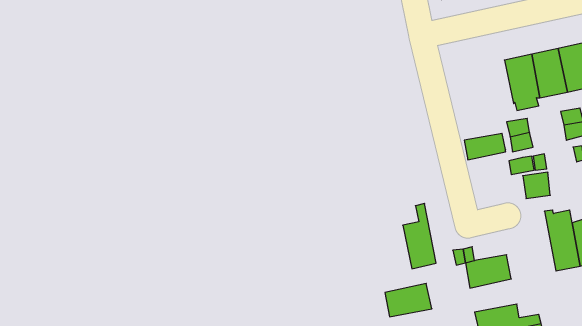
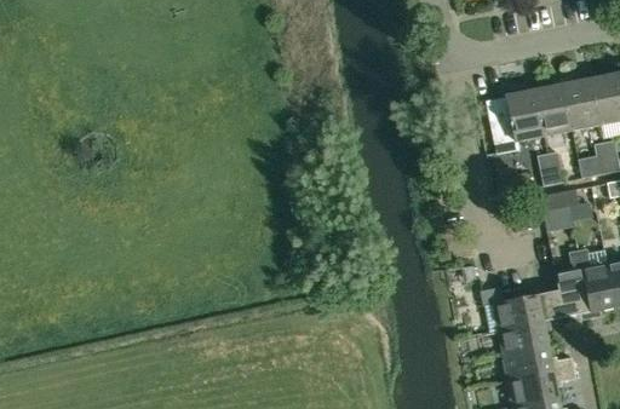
building: none -> [487,90,545,152]
building: [403,203,436,269] -> [555,249,590,318]
building: [385,283,432,317] -> [499,321,549,356]

